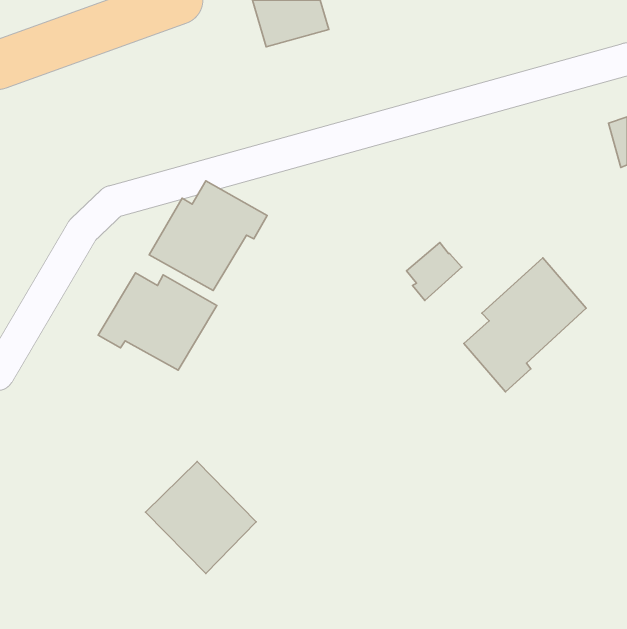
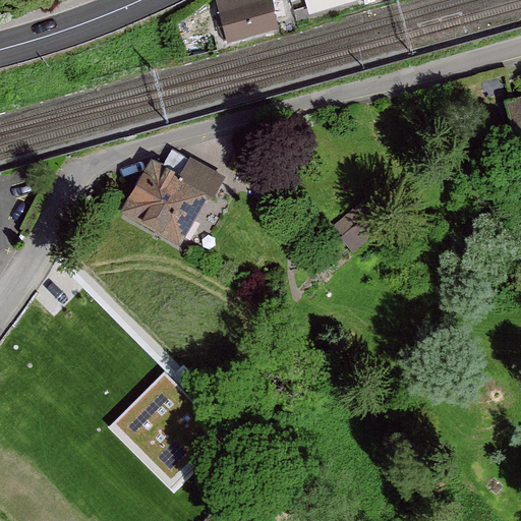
building: [464,258,586,392] -> none
building: [98,273,217,370] -> none

